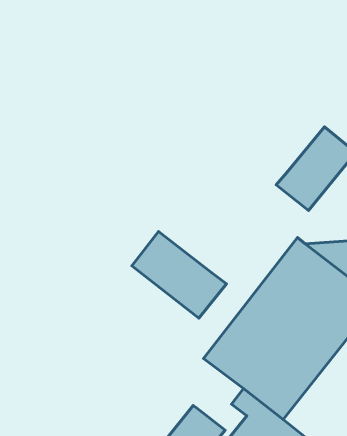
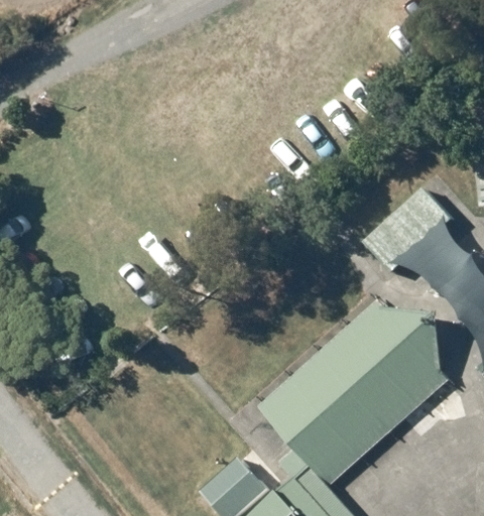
building: [132,231,227,318] -> none

